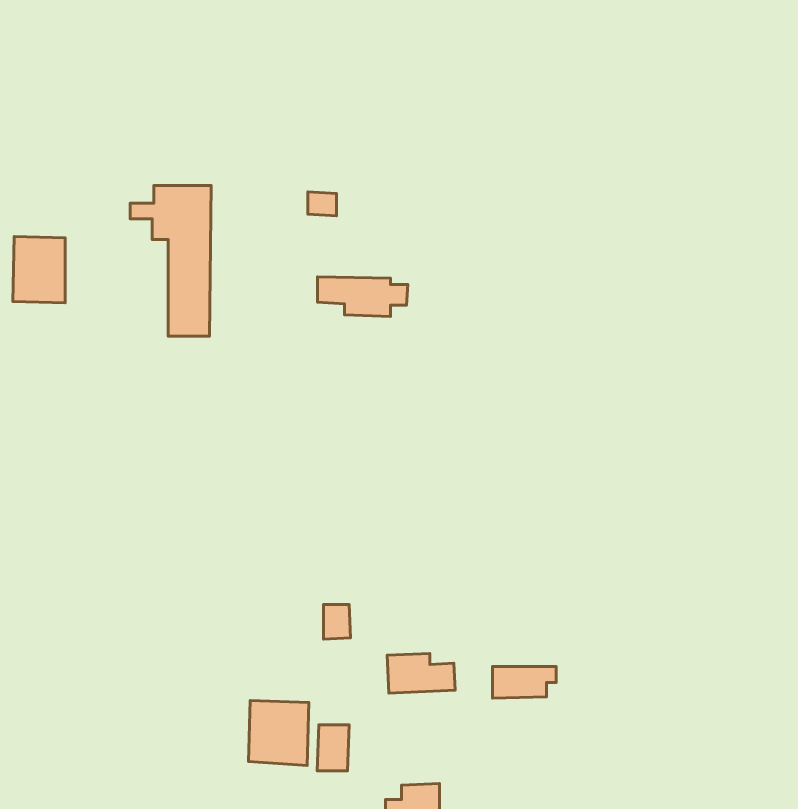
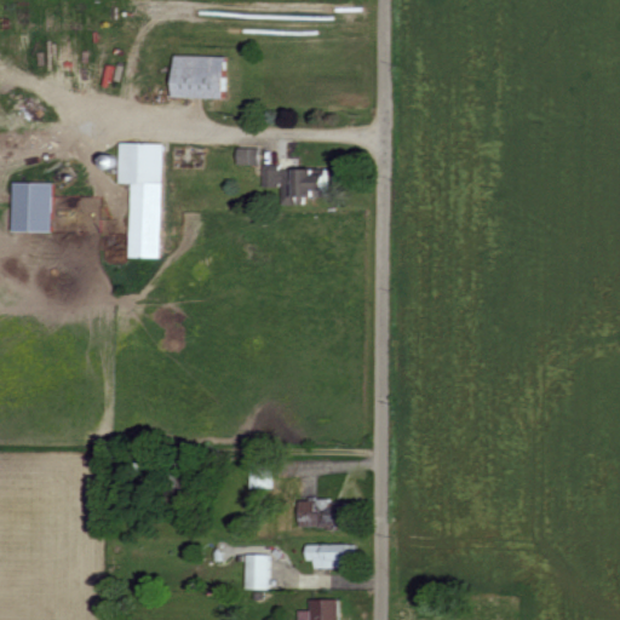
building: none -> [172,56,225,99]
building: [318,277,408,316] -> [259,168,328,199]
building: [493,667,556,698] -> [306,545,355,569]
building: [248,700,309,766] -> none

